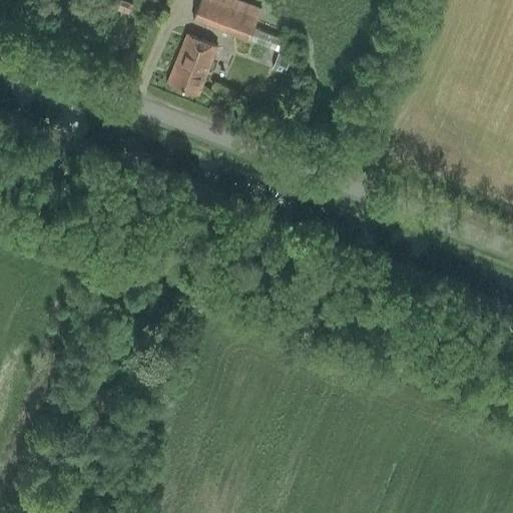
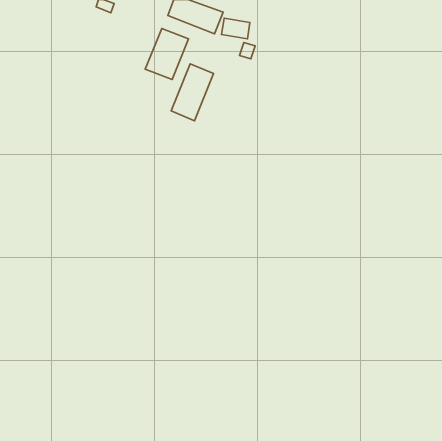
building: none -> [171,64,213,121]

